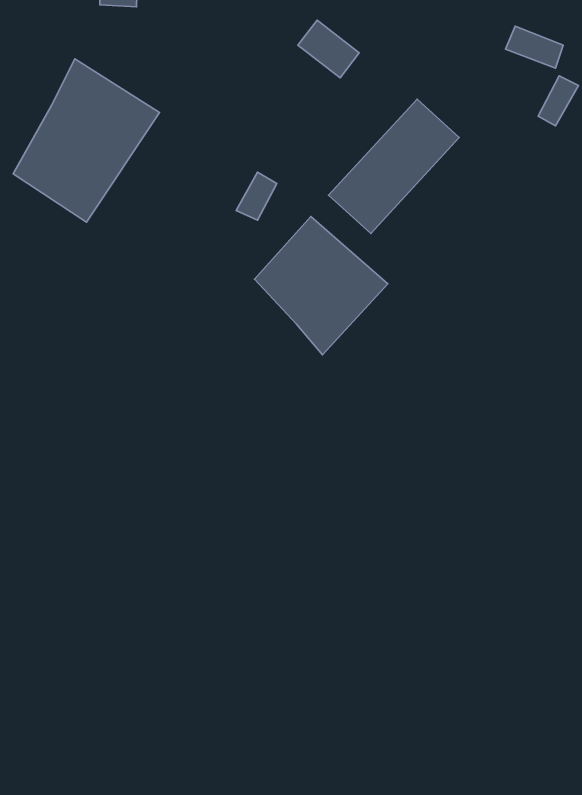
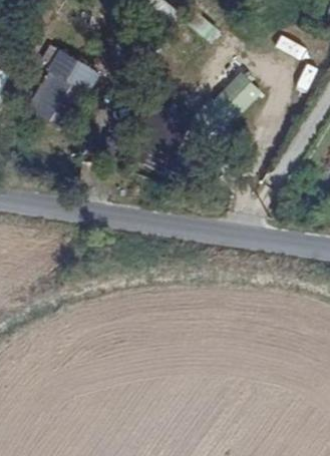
building: [255,217,388,355] -> none

